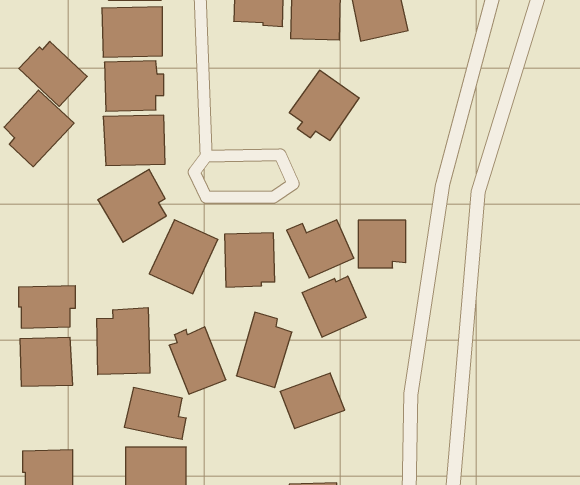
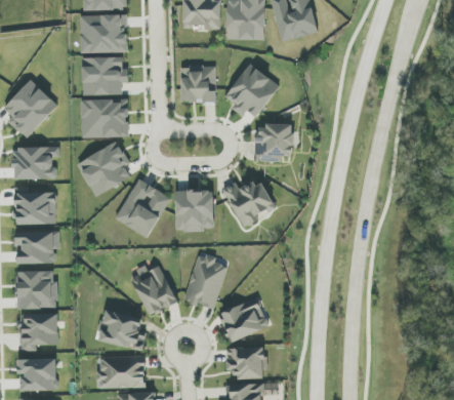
building: [19,41,87,106] -> none
building: none -> [181,66,216,103]
building: none -> [14,147,59,178]
building: [358,220,406,268] -> [256,124,293,161]
building: none -> [15,187,56,225]
building: [302,276,366,337] -> none
building: [97,308,150,375] -> none
building: none -> [19,313,58,351]
building: none -> [226,347,265,378]

